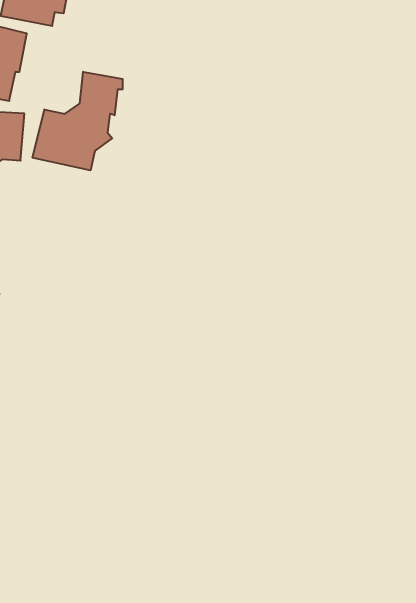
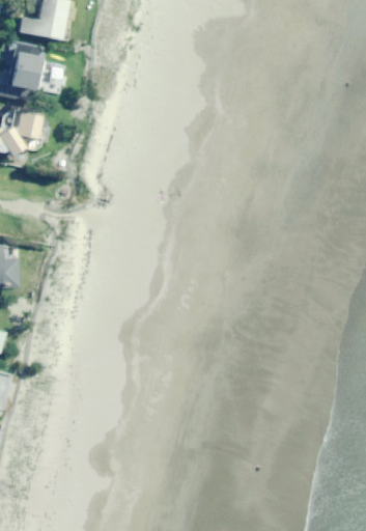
building: [33,72,123,170] -> none

